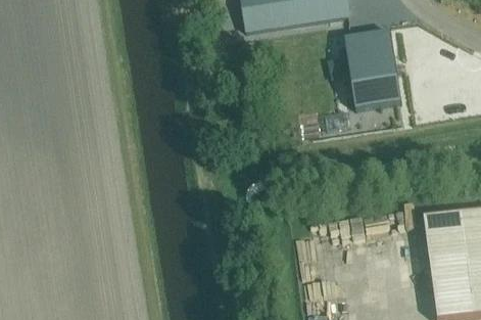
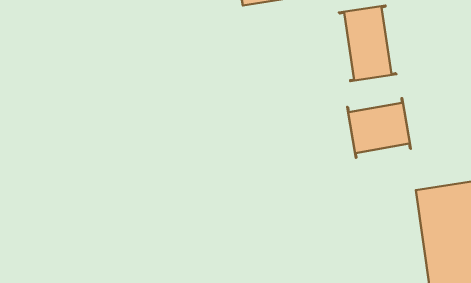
building: none -> [347,98,411,158]

